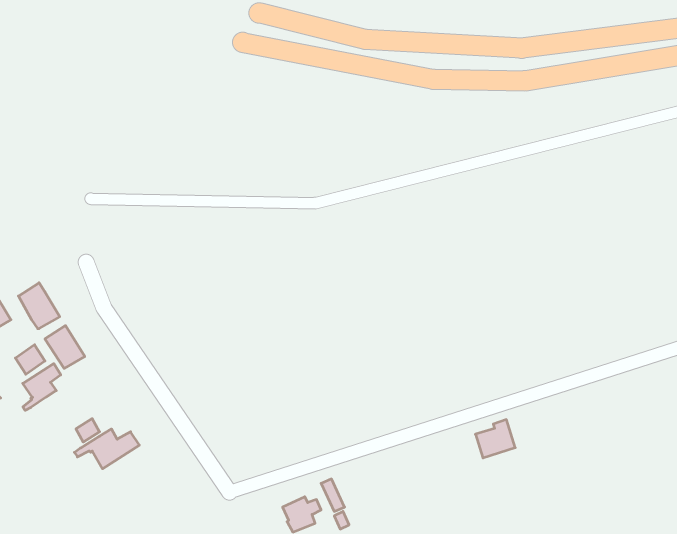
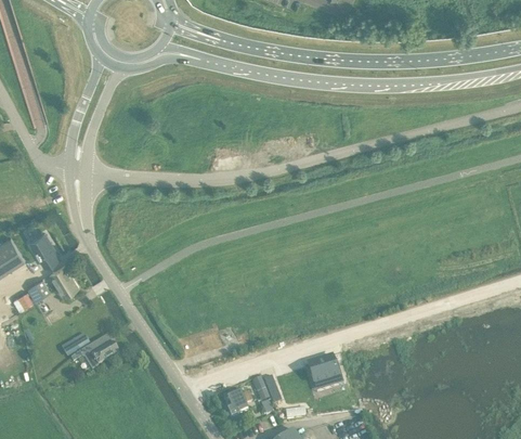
building: [23,364,61,410] -> none
building: [475,420,515,458] -> [309,357,338,385]

